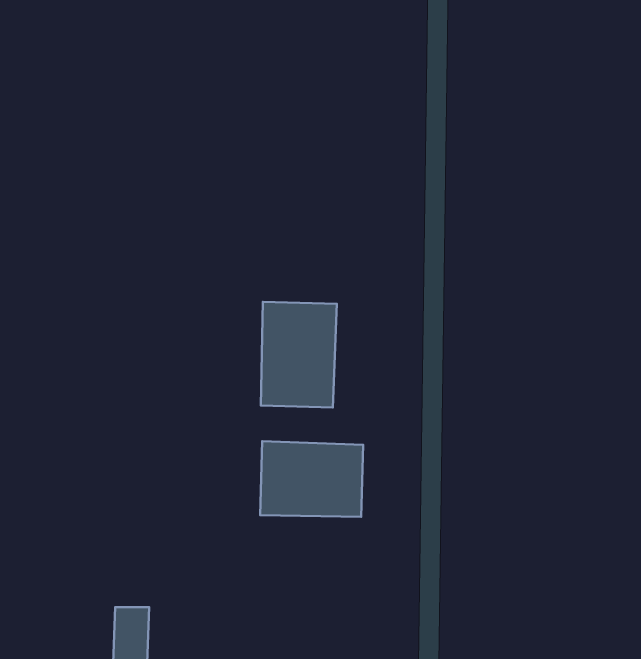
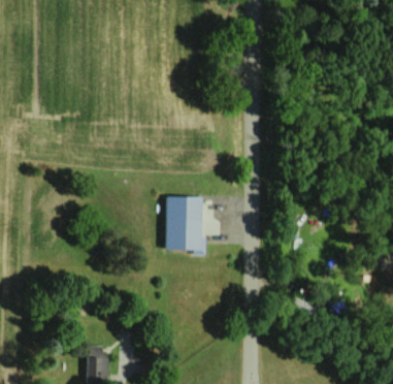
building: [260,441,363,517] -> none

